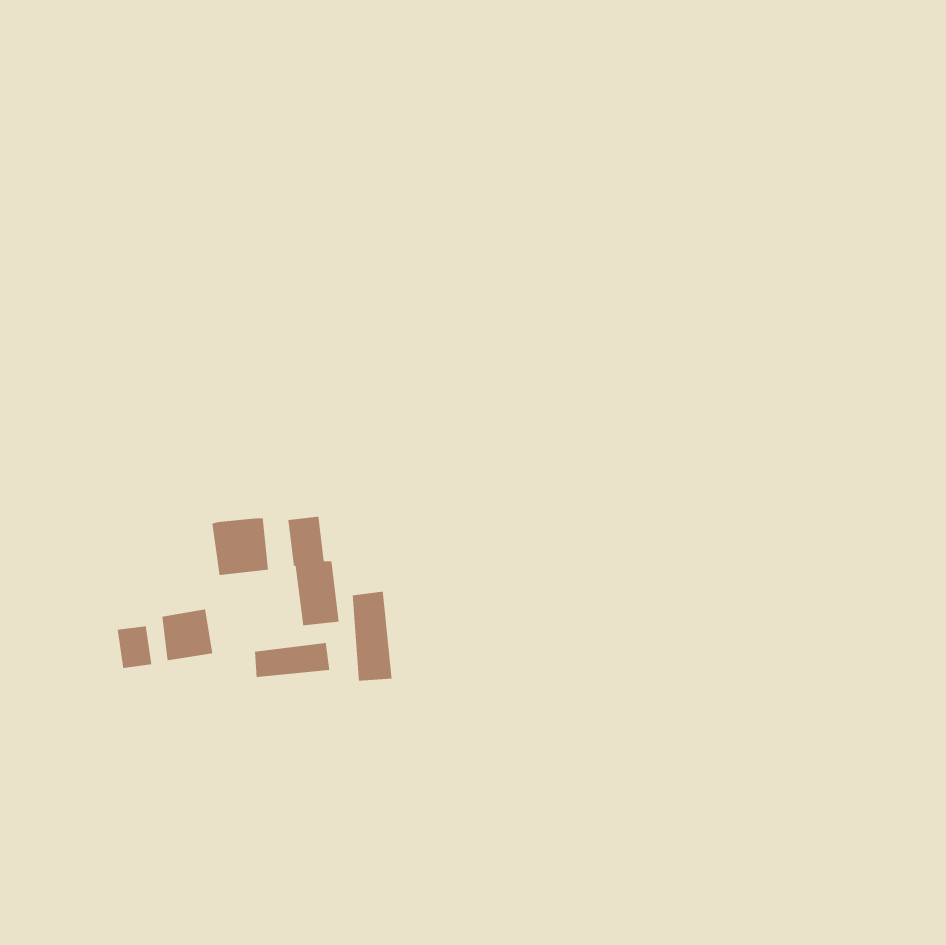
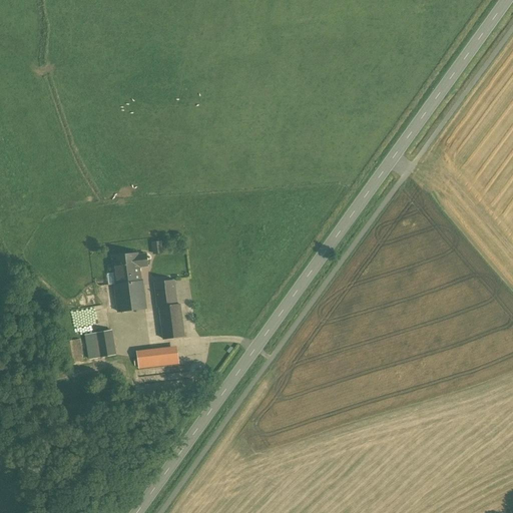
building: none -> [114,250,146,282]
building: [352,591,392,681] -> none

